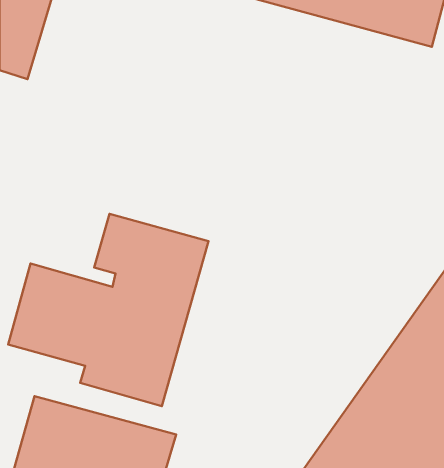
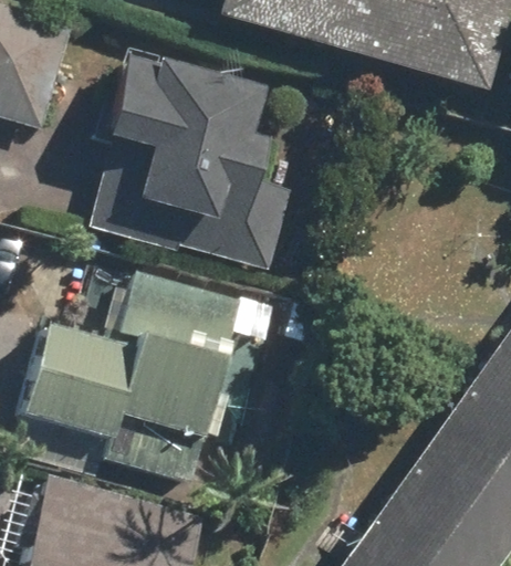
building: none -> [109,54,283,228]

